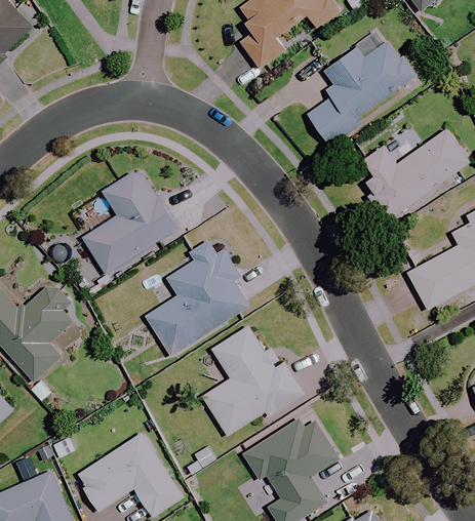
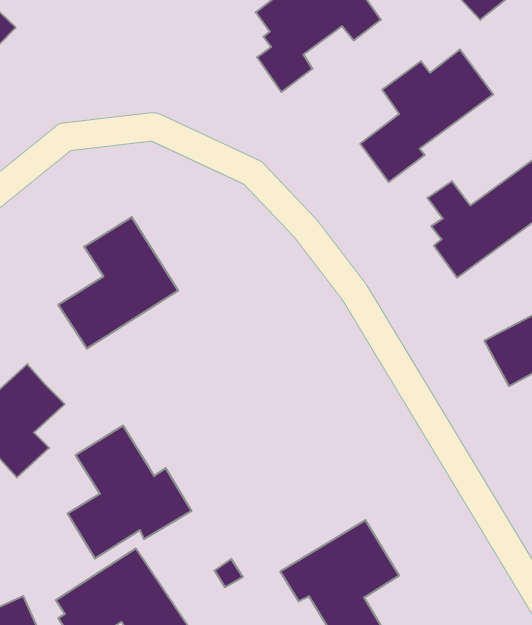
building: [149,237,251,355] -> none
building: [195,330,293,436] -> [68,426,192,558]

